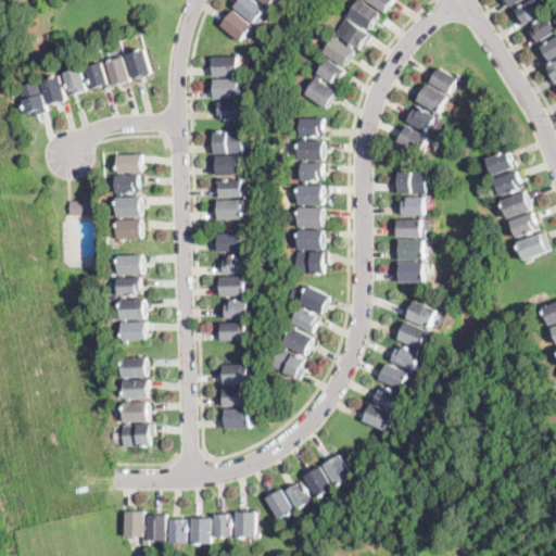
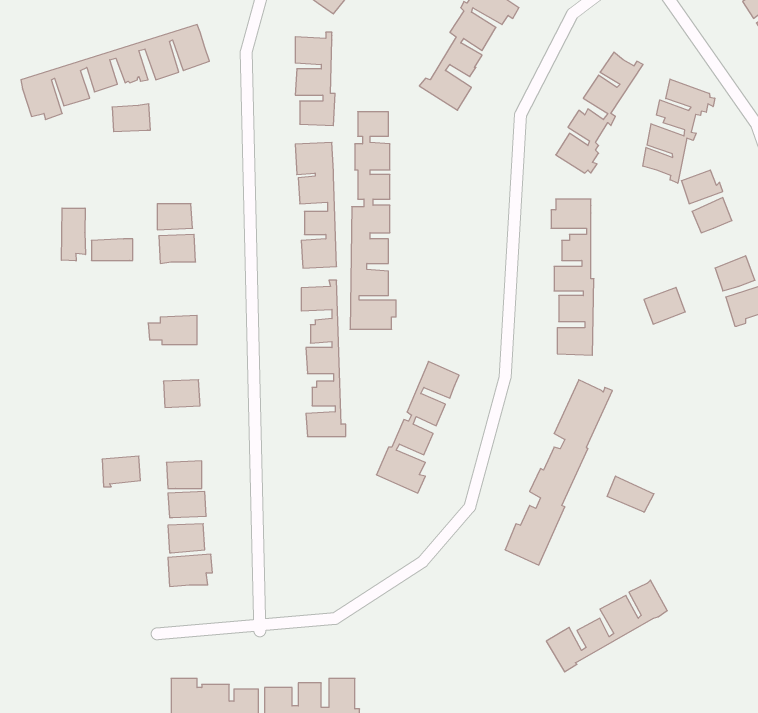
building: none -> [643,79,715,183]
building: [293,118,326,273] -> [350,112,396,329]
building: [114,153,141,173] -> [112,104,150,132]
building: none -> [61,208,85,261]
building: [500,192,529,218] -> [644,287,685,324]
building: [114,219,141,241] -> none
building: [115,277,140,295] -> none
building: [118,321,146,343] -> [102,456,140,487]
building: [222,362,249,427] -> none
building: none -> [607,476,654,512]
building: [263,455,349,520] -> [546,580,667,672]

